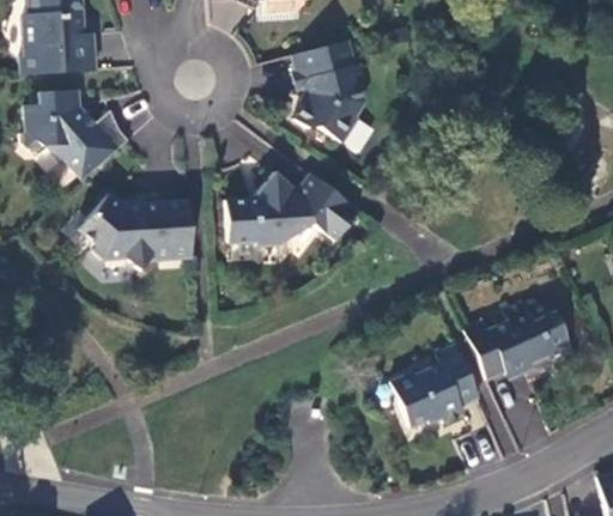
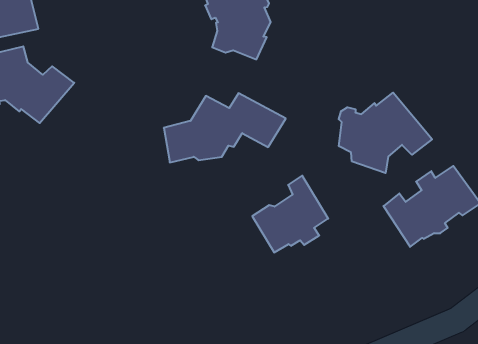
building: [77,192,193,269] -> none
building: none -> [339,93,432,173]
building: [389,340,477,424] -> [252,176,328,252]

